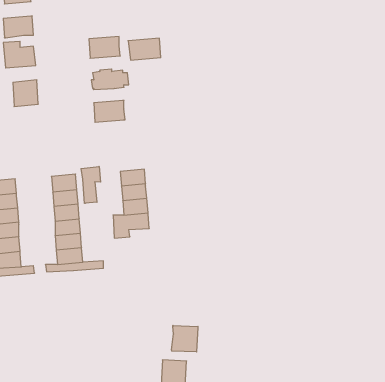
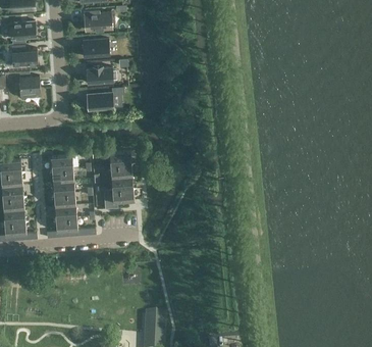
building: [128,38,161,60] -> [84,12,111,31]
building: [81,166,101,203] -> none
building: [172,325,198,352] -> none

